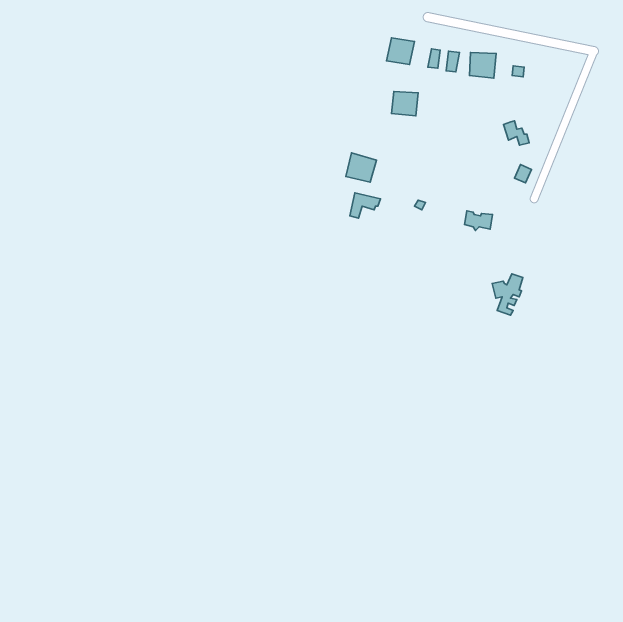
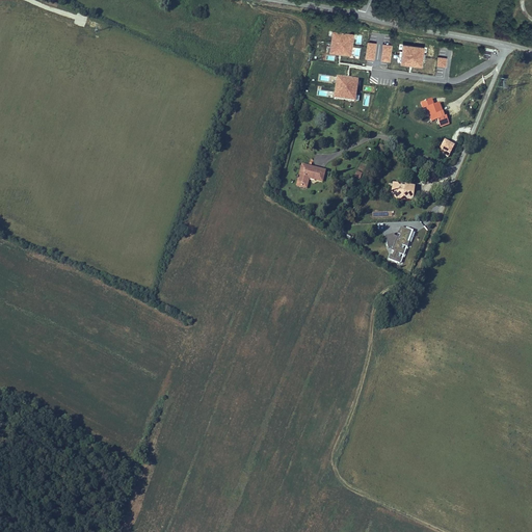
building: [346,153,376,182] -> none
building: [492,274,523,315] -> [383,227,409,262]

